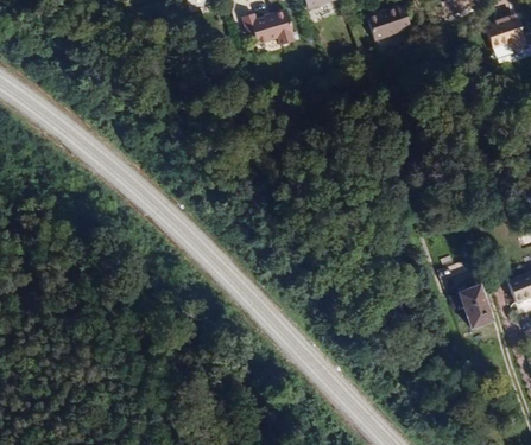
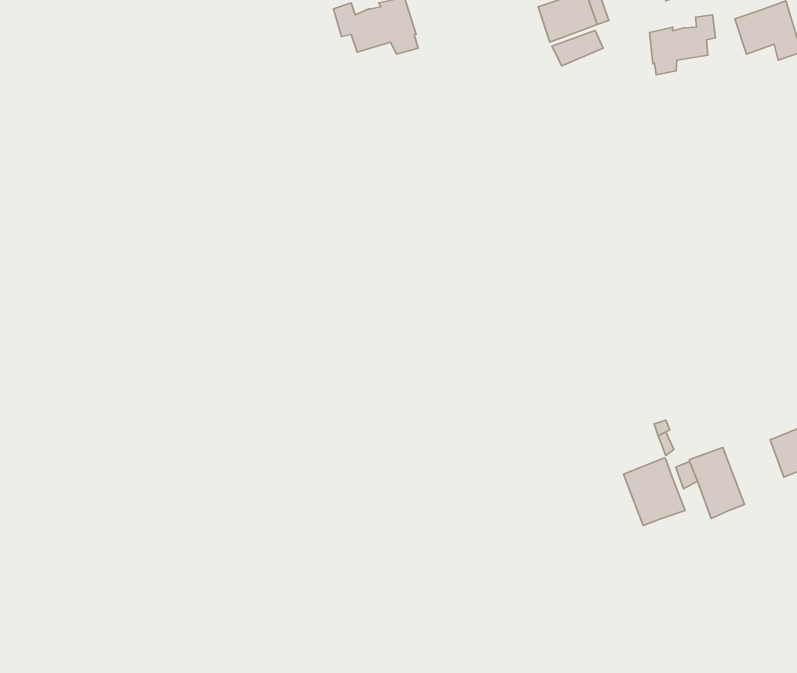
building: none -> [650,15,715,75]
building: none -> [624,458,685,526]

